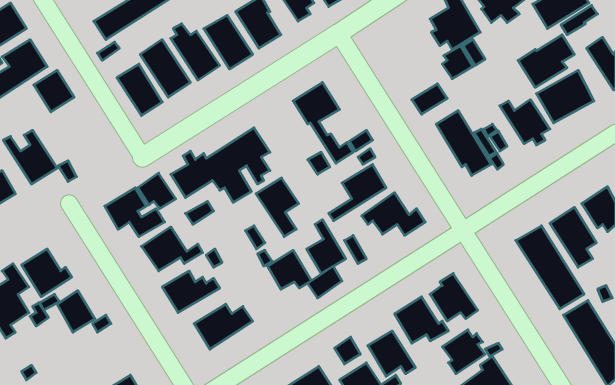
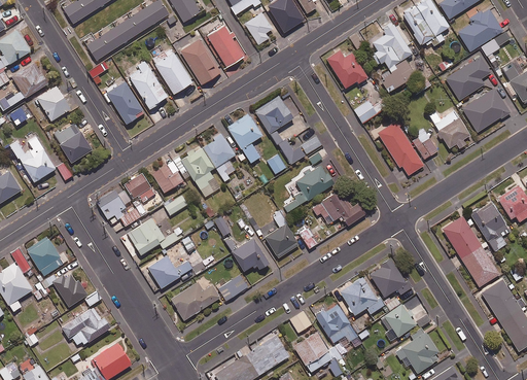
building: none -> [324,49,367,89]
building: none -> [54,122,92,163]
building: [256,178,299,237] -> [226,113,262,163]
building: [308,266,342,298] -> [218,274,247,301]
building: none -> [62,307,110,346]

